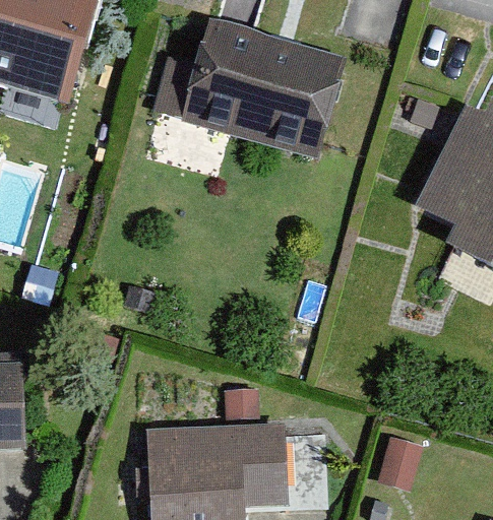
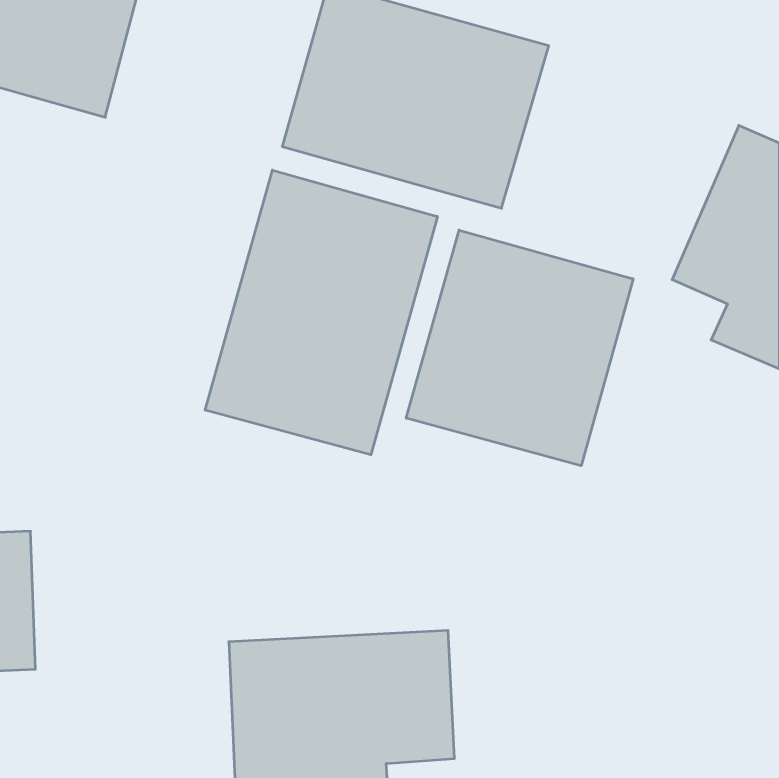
building: none -> [205,170,437,455]
building: none -> [406,230,633,466]

